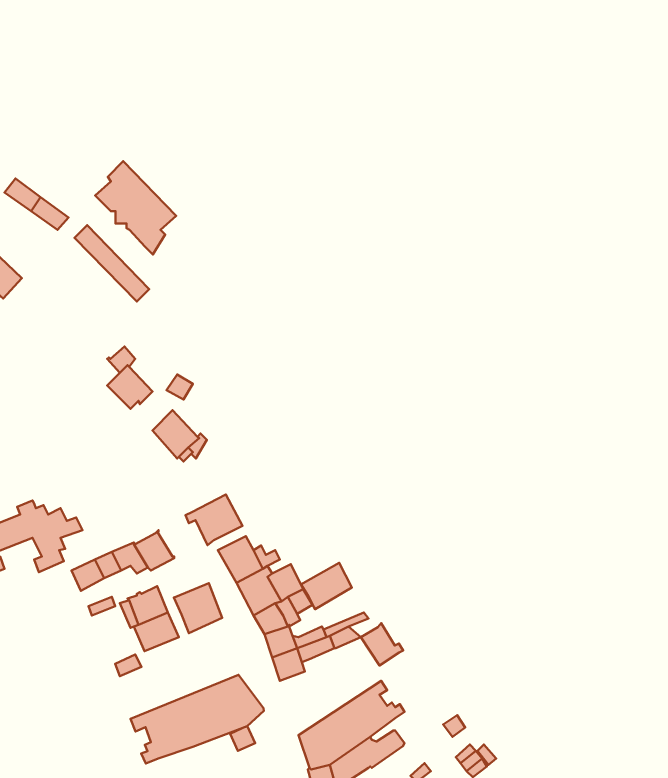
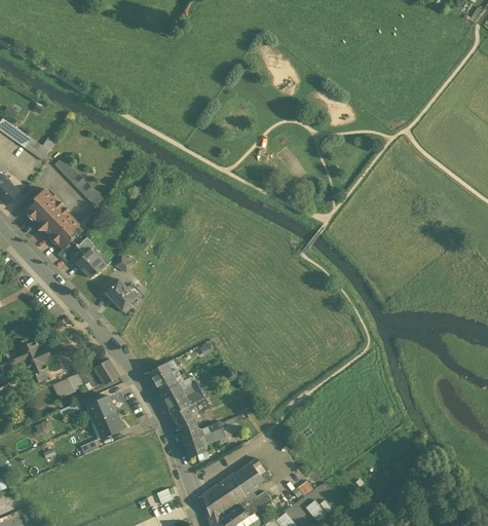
building: [95,161,176,255] -> [26,188,79,250]
building: [185,494,242,545] -> none
building: [301,563,352,609] -> none
building: [174,583,222,633] -> none
building: [361,623,403,665] -> none
building: [131,675,264,764] -> none

